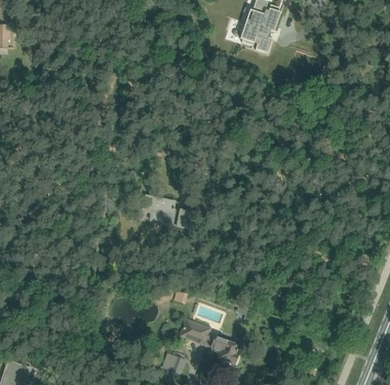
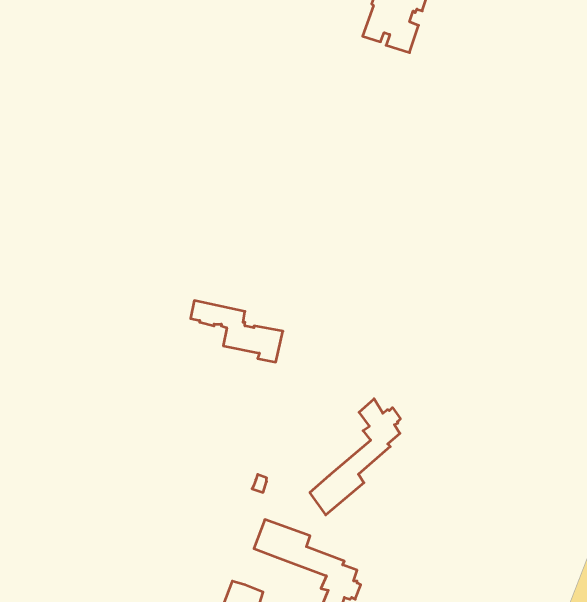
building: none -> [310,399,400,515]

